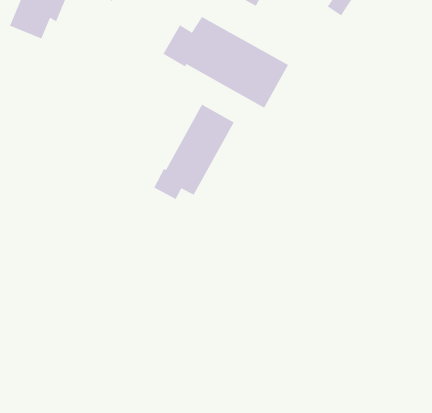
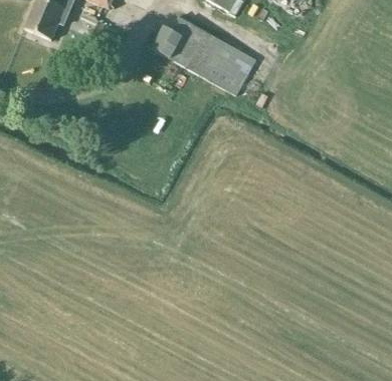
building: [153,104,235,200] -> none

